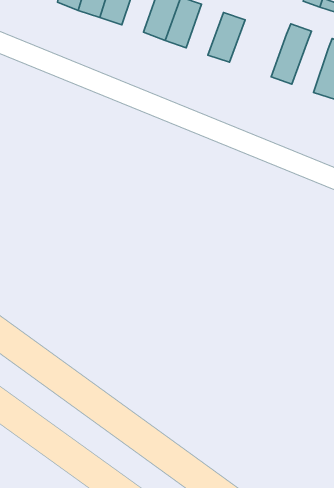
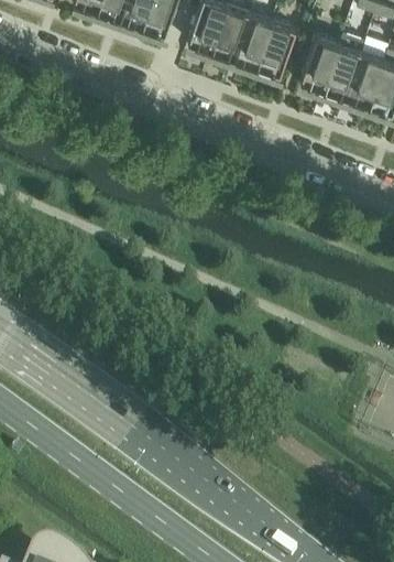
building: none -> [233,11,273,65]
building: none -> [300,34,340,88]
building: none -> [346,51,384,105]

